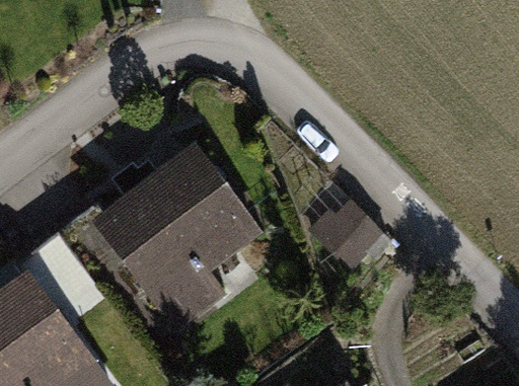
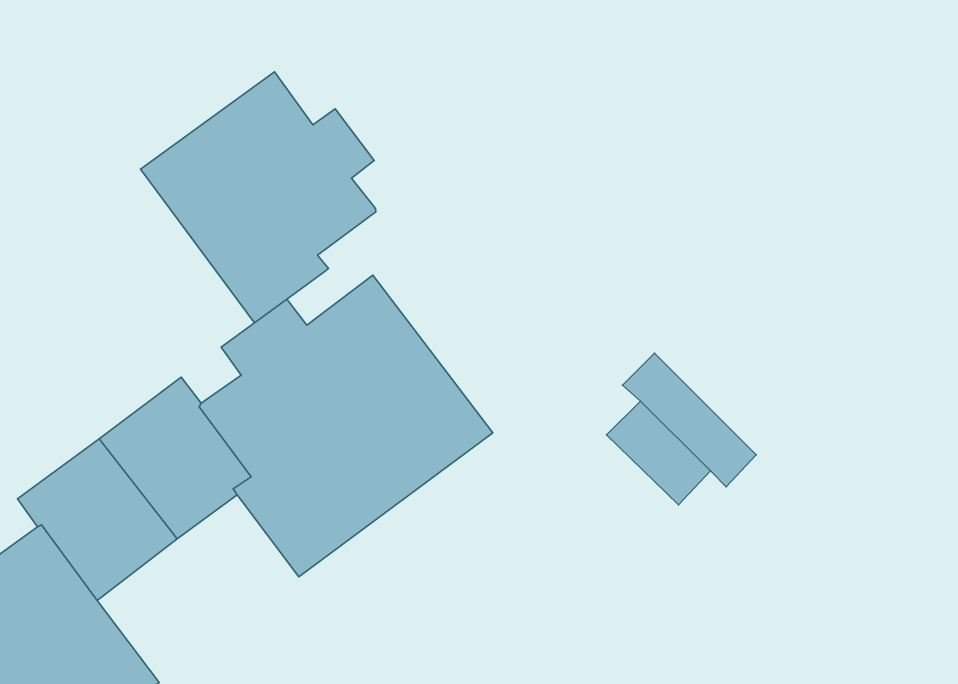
building: none -> [140,72,376,323]

